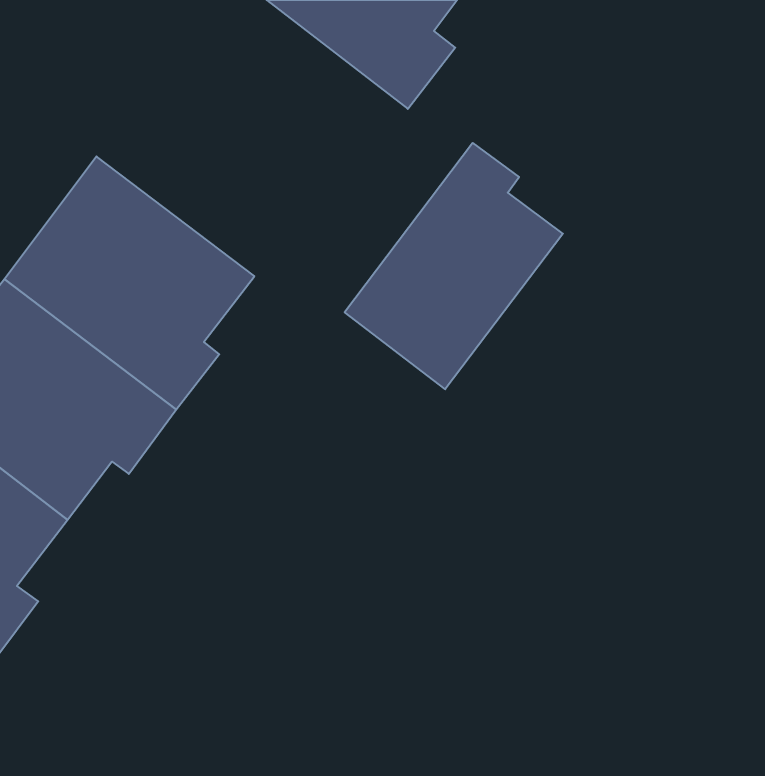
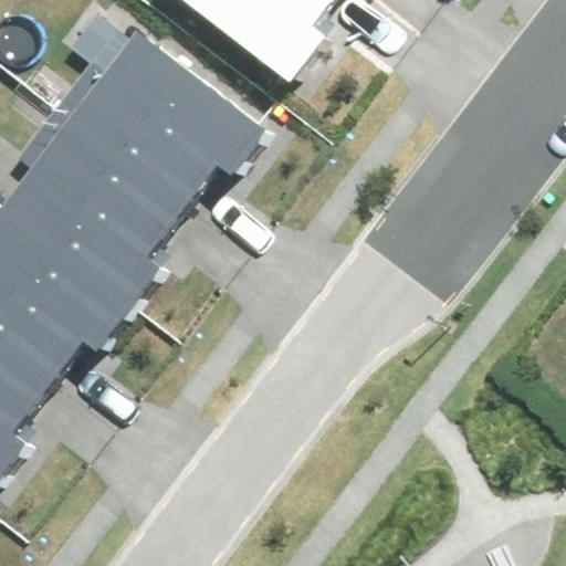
building: none -> [70,31,263,205]
building: [345,143,563,389] -> none

